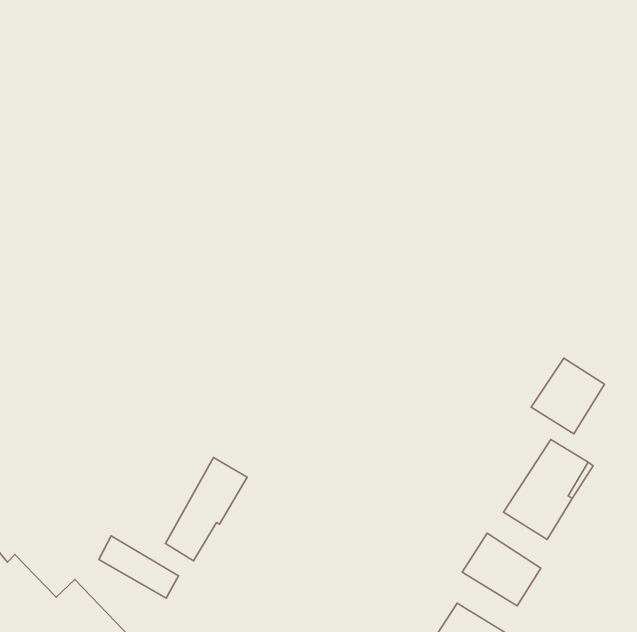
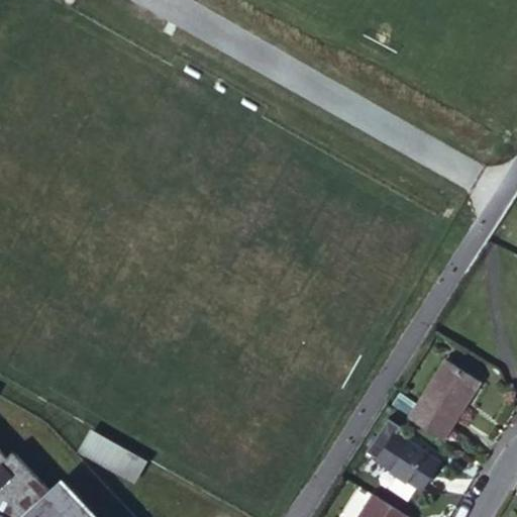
building: [531,358,605,434] -> none
building: [166,458,247,561] -> none

